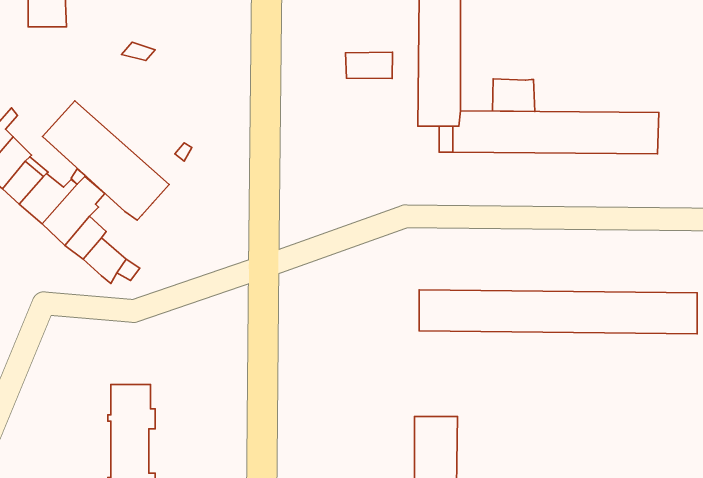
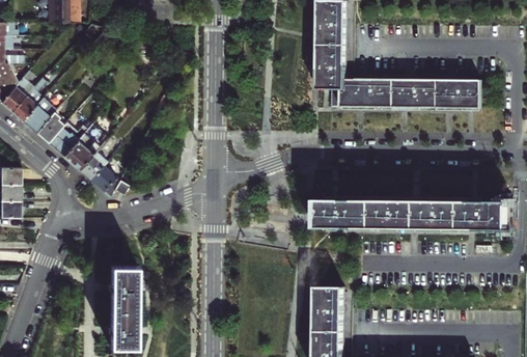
building: [346,52,393,79] -> none
building: [492,79,535,111] -> none
building: [43,101,169,220] -> none

